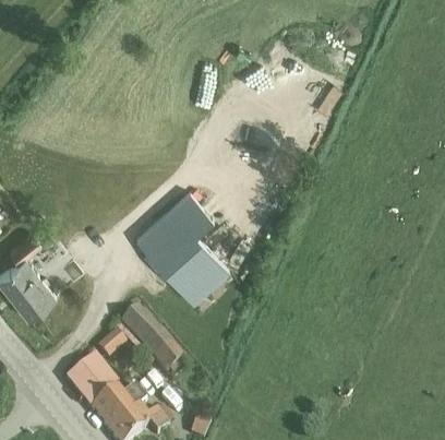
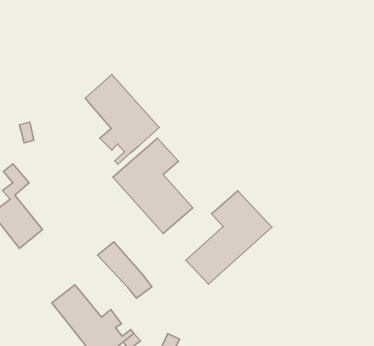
building: none -> [85,74,159,164]
building: none -> [186,191,272,284]

